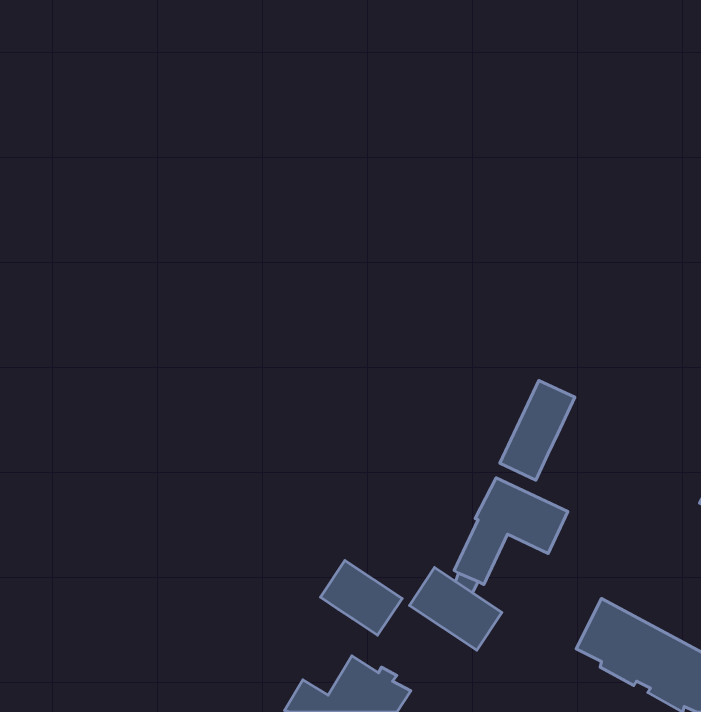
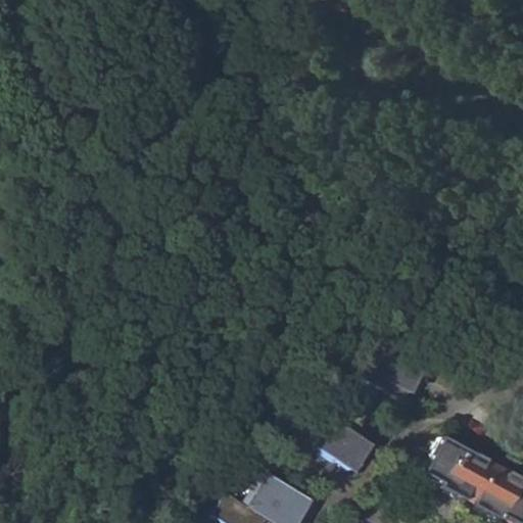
building: [500,380,575,480] -> none
building: [320,560,402,635] -> none

